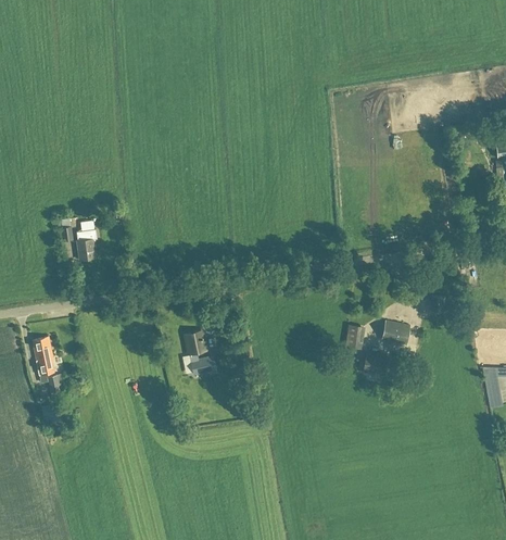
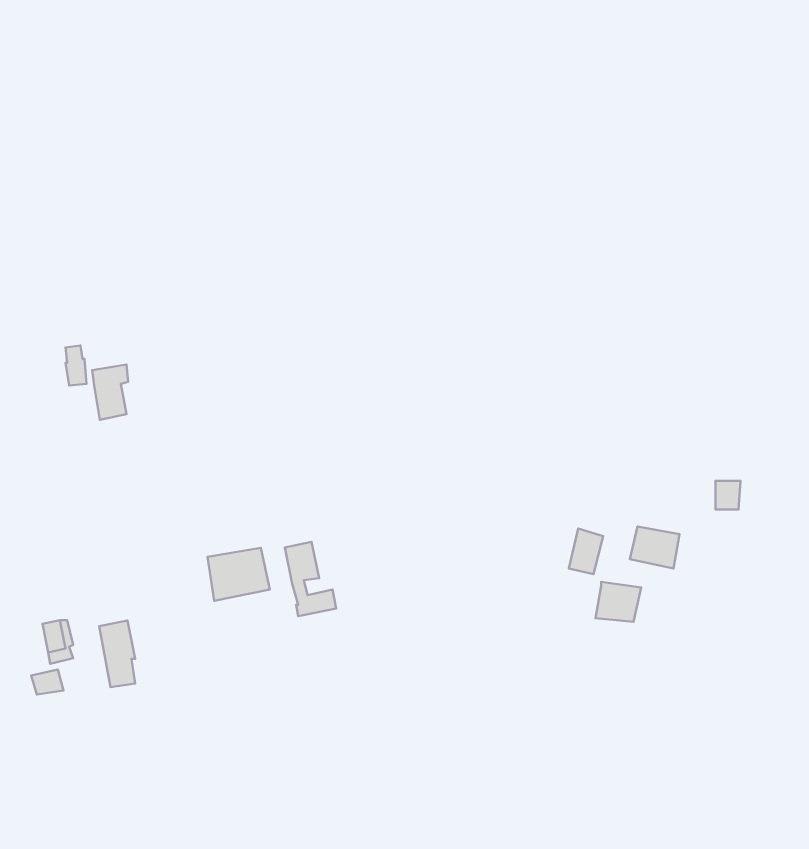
building: none -> [208,548,270,601]
building: [31,336,52,374] -> [99,621,135,687]

